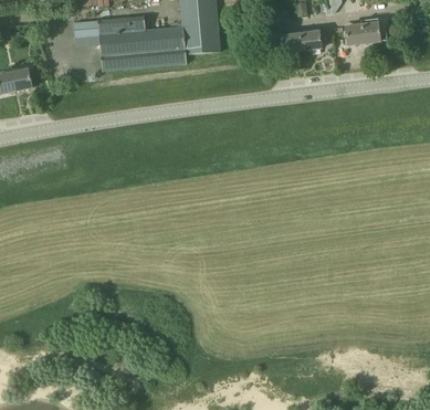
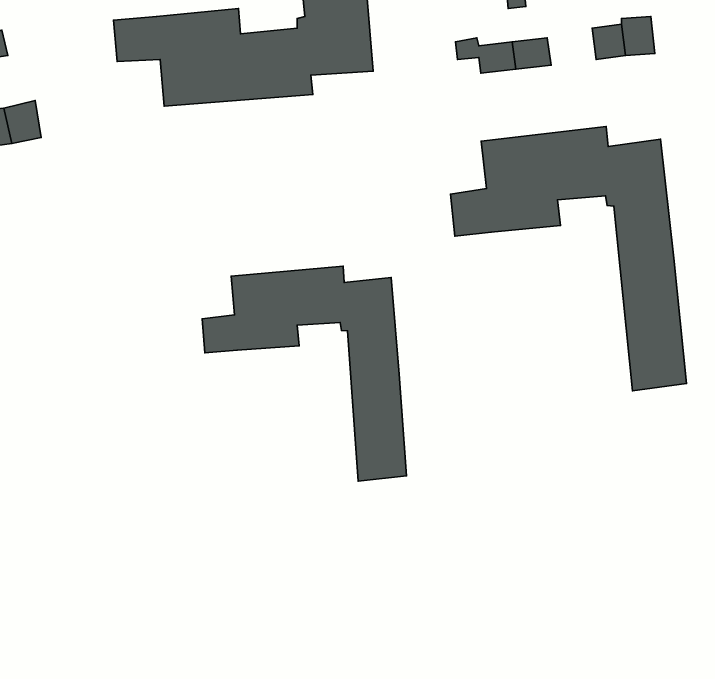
building: none -> [451,126,686,391]
building: none -> [202,266,407,481]

